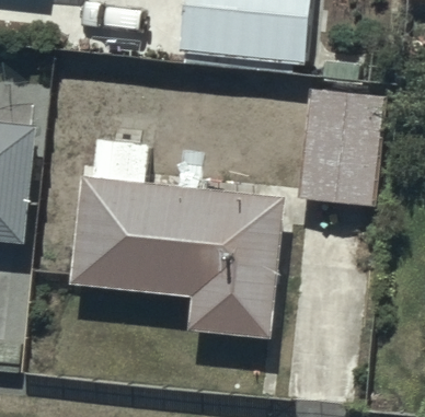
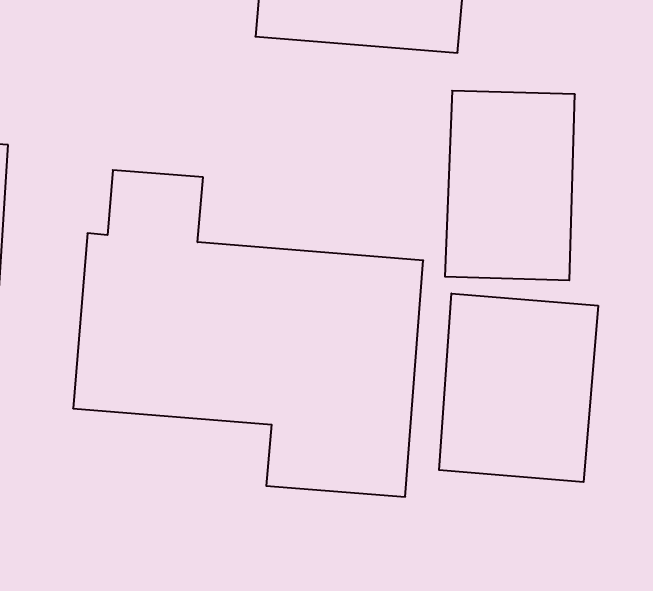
building: none -> [439,293,598,482]

